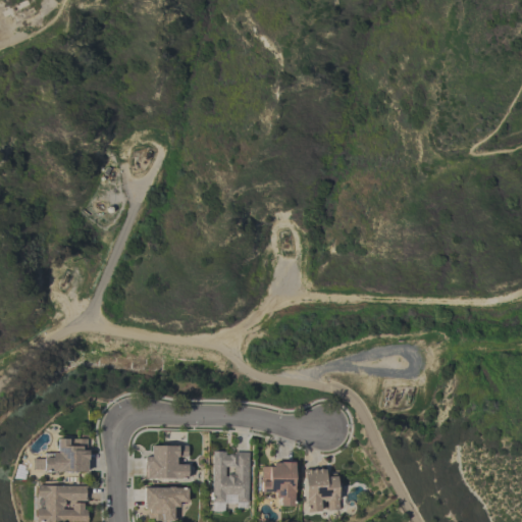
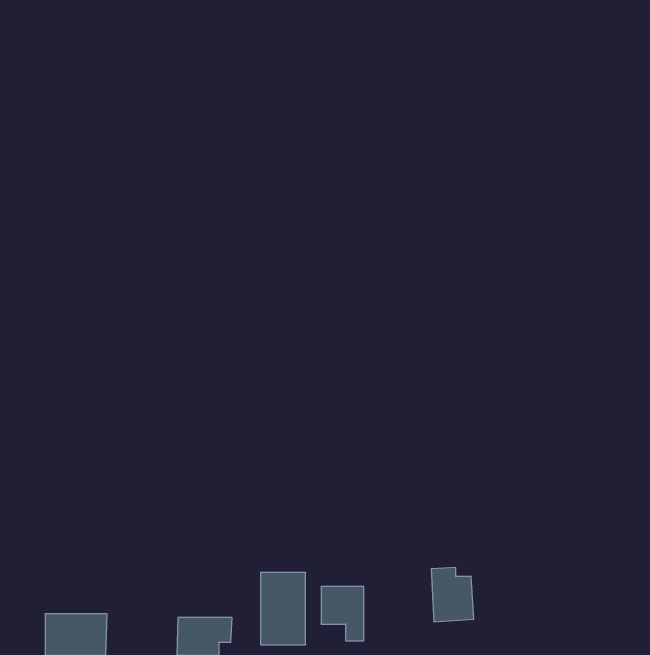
building: [49,439,91,472] -> none
building: [148,447,190,478] -> none
building: [305,470,338,513] -> [431,568,474,622]

